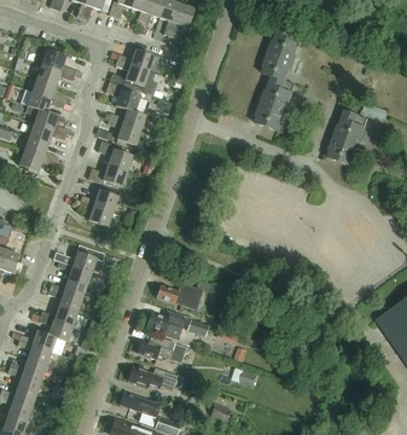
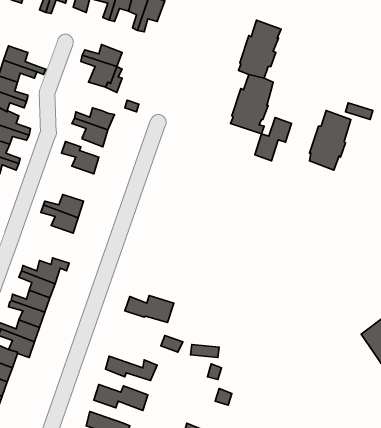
building: [105,80,145,112] -> none
building: none -> [255,118,292,161]
building: [87,162,127,185] -> none
building: [146,311,184,338] -> none

